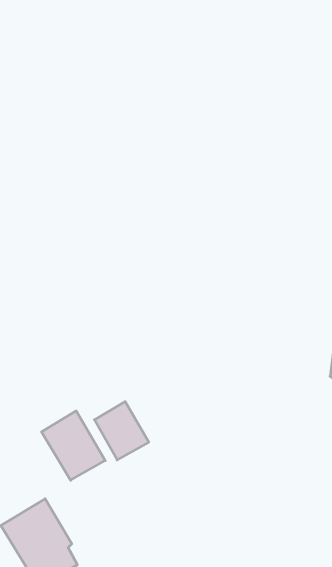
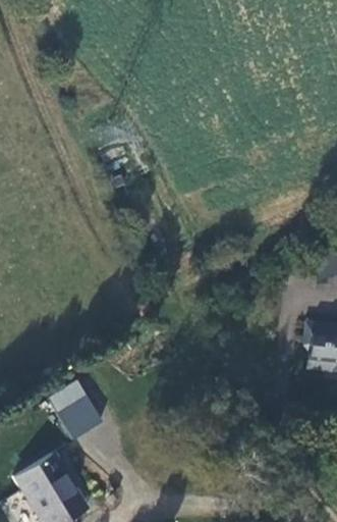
building: [94,402,149,460] -> none

